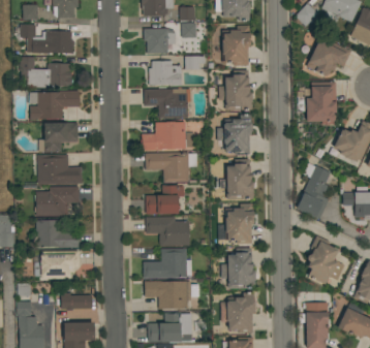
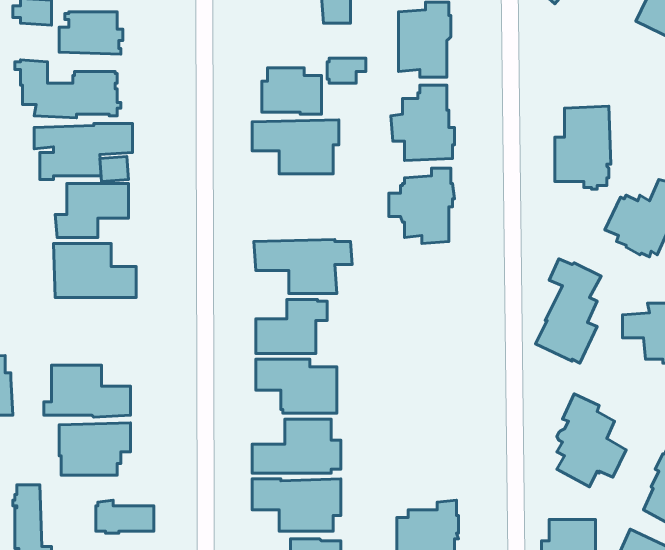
building: [145,29,177,54] -> none
building: [307,36,351,76] -> none
building: [142,122,195,151] -> none
building: [220,159,254,199] -> none
building: [35,186,80,217] -> none
building: [226,203,254,244] -> none
building: [222,248,256,288] -> none

